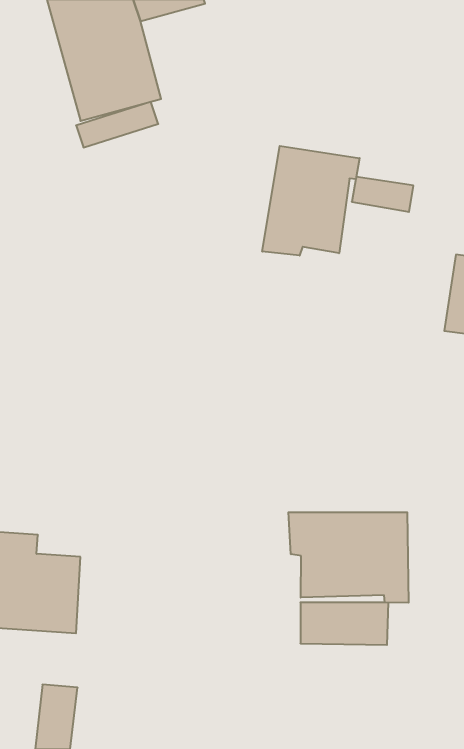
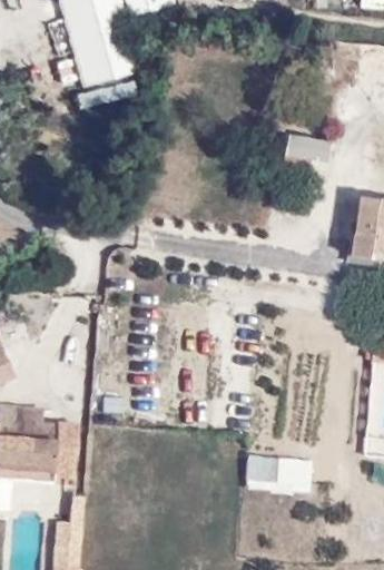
building: [262,146,360,256] -> none
building: [288,512,409,603] -> none

